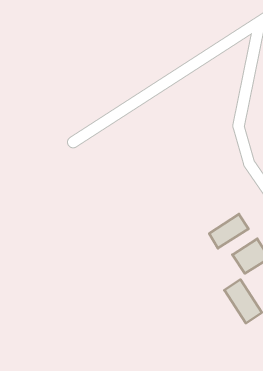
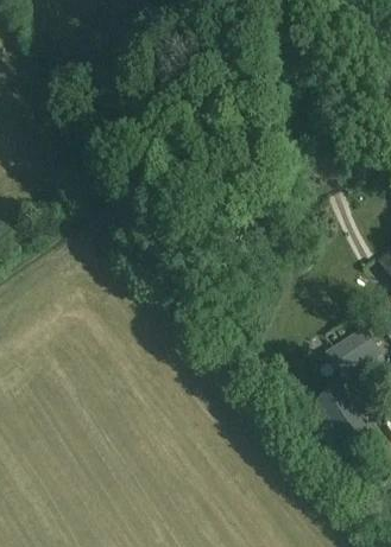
building: [209,214,248,248] -> none

